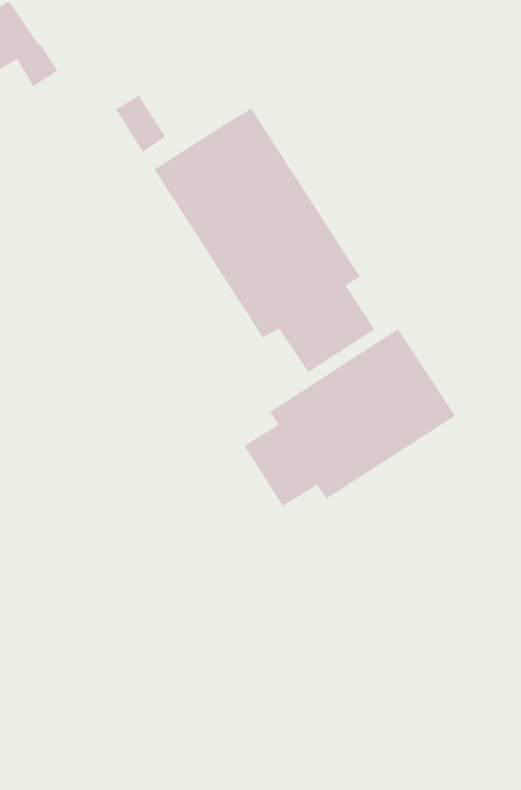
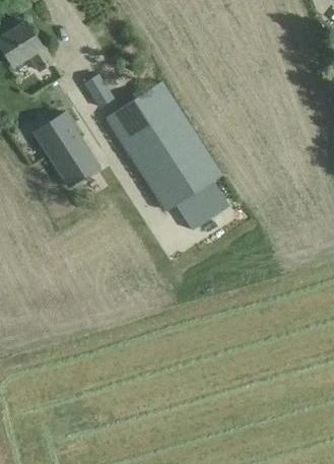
building: none -> [34,112,99,186]
building: [243,328,456,507] -> none

